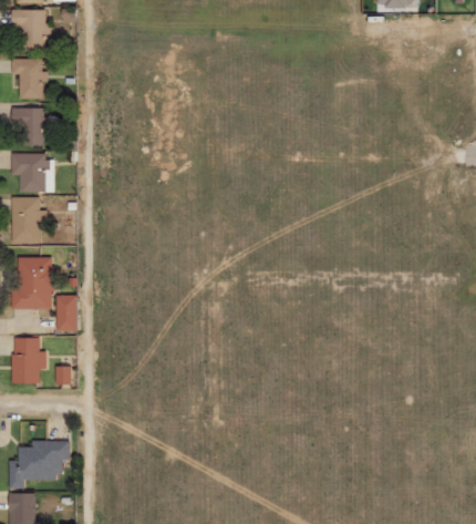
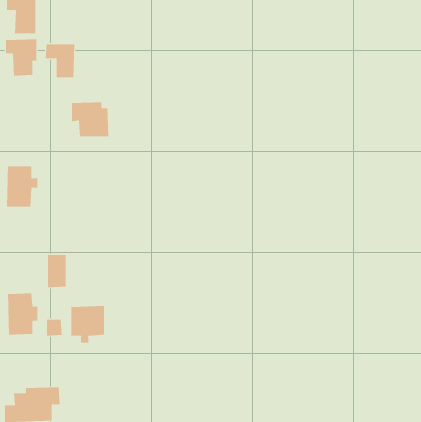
building: [10,107,43,145] -> [45,44,75,78]
building: [11,153,53,192] -> [71,102,109,137]
building: [15,256,53,309] -> none
building: none -> [71,305,104,344]

